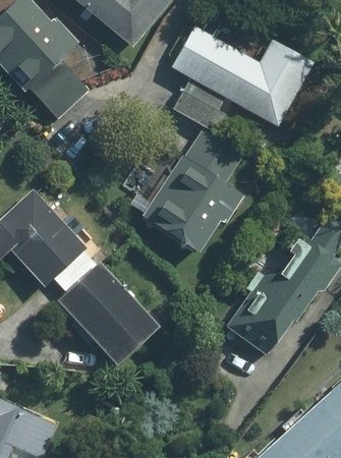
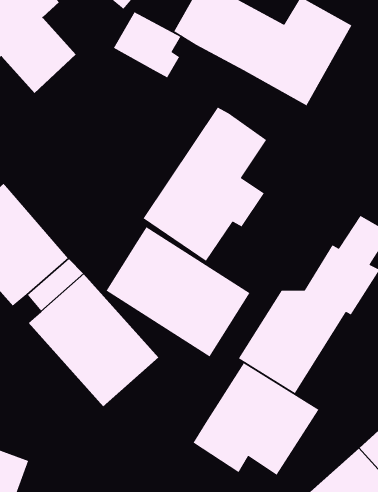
building: [172,78,227,132] -> [113,11,181,79]
building: none -> [105,226,251,357]
building: none -> [193,362,320,476]

